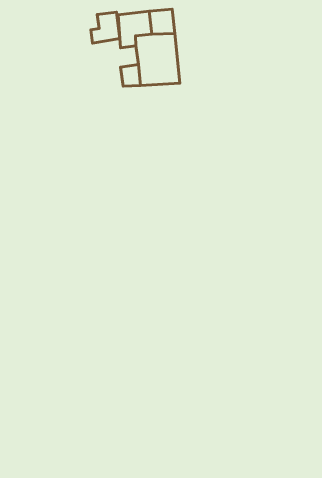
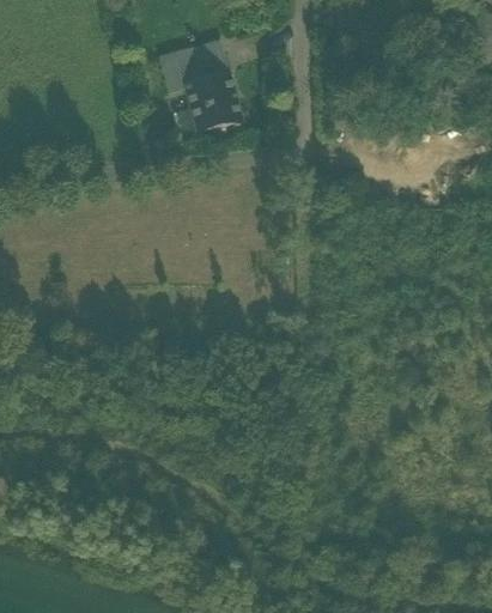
building: [91,12,120,43] -> none

